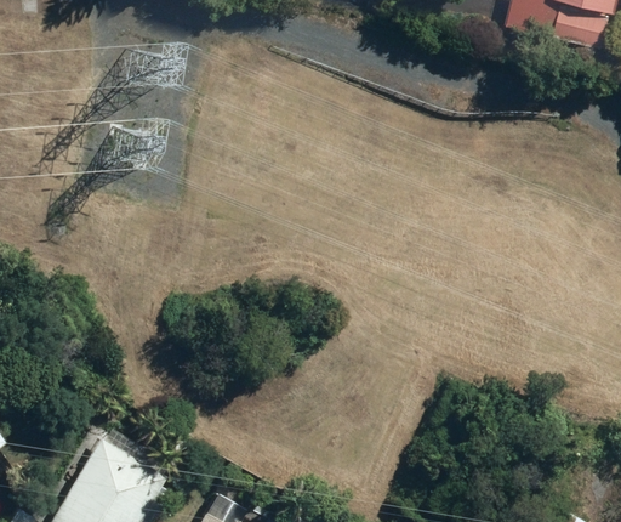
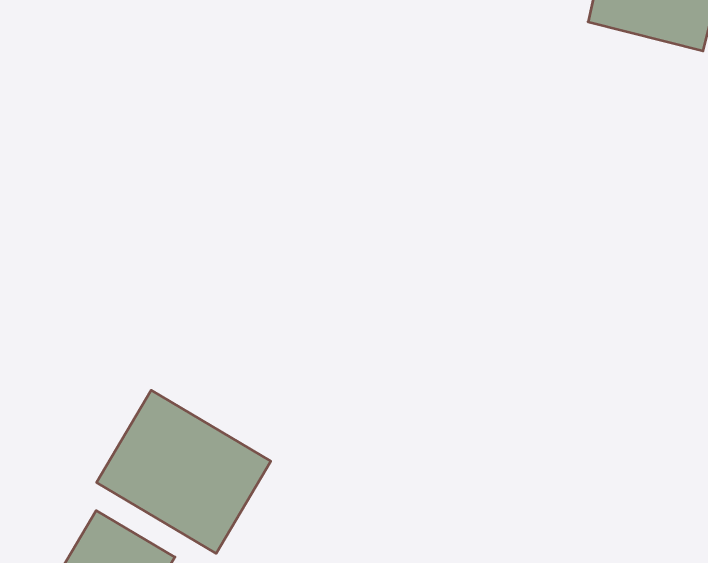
building: none -> [97,390,271,553]

